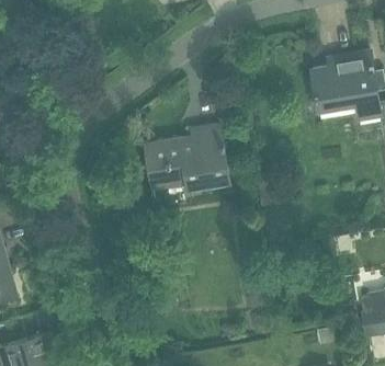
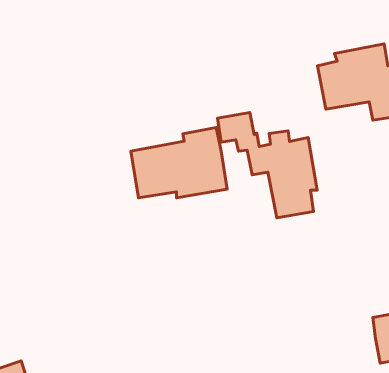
building: none -> [217,112,317,218]

